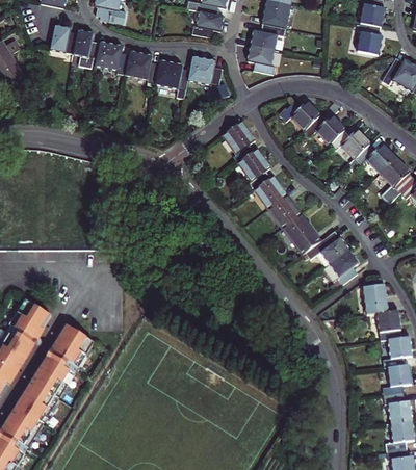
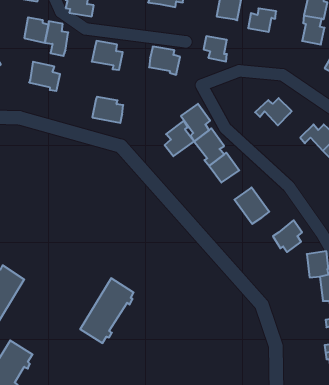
building: [191,10,224,37] -> none
building: [251,24,282,50] -> [248,8,276,32]
building: [94,42,128,74] -> [29,62,60,91]
building: [154,60,188,89] -> [92,97,123,123]
building: [280,100,320,130] -> none
building: [330,129,370,158] -> none
building: none -> [165,121,194,156]
building: [267,194,301,227] -> none
building: [312,230,347,263] -> none
building: [33,327,93,398] -> [80,278,134,343]

